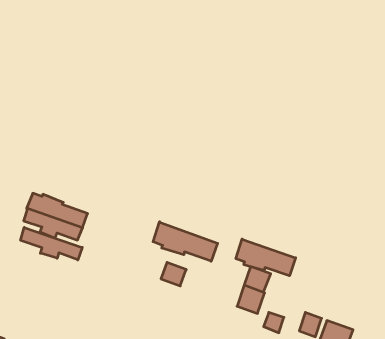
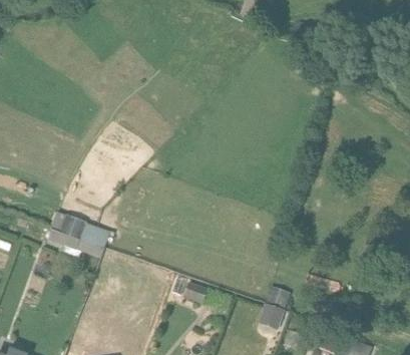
building: [153,222,218,261] -> none
building: [21,227,82,260] -> none
building: [236,239,296,276] -> none

